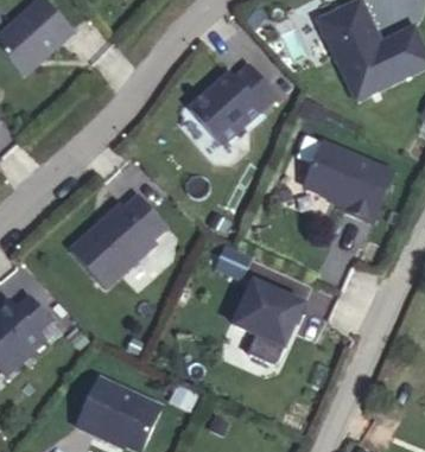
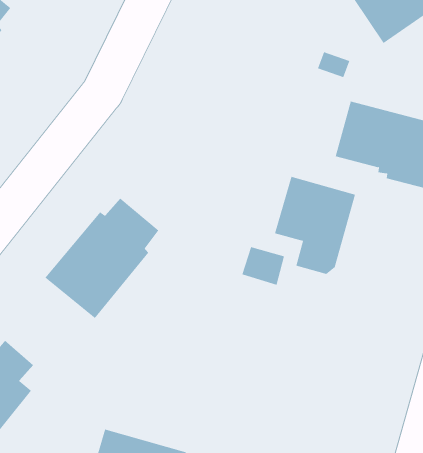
building: [184,63,274,145] -> none
building: [241,282,311,365] -> [274,176,356,275]

